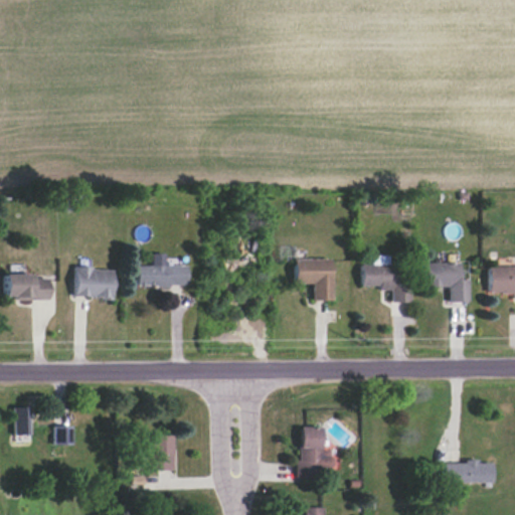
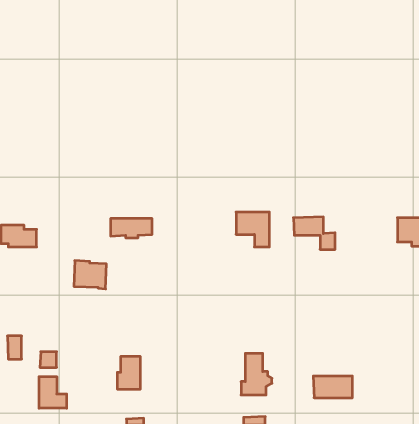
building: [425,261,471,302] -> none
building: [76,267,116,301] -> [74,261,106,289]
building: none -> [39,377,67,408]
building: [444,459,491,485] -> [313,376,352,398]

